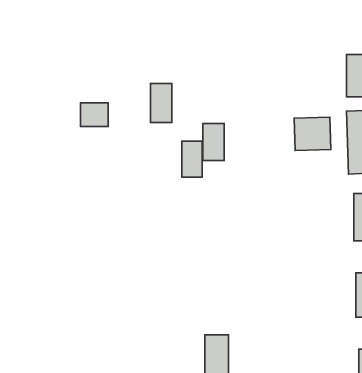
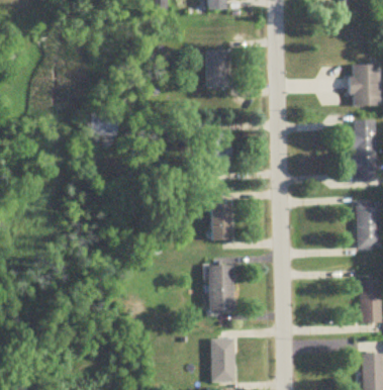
building: [150,83,172,123] -> [206,50,227,88]
building: [294,117,331,151] -> none
building: [182,141,202,177] -> [211,204,231,239]
building: none -> [208,265,233,313]

